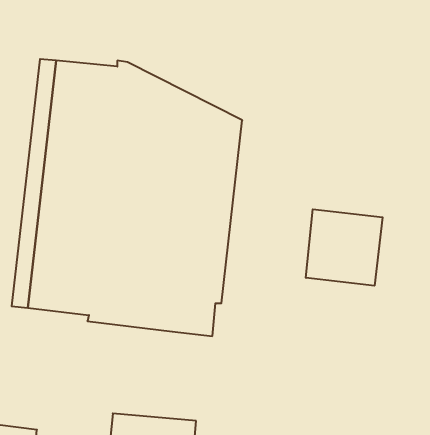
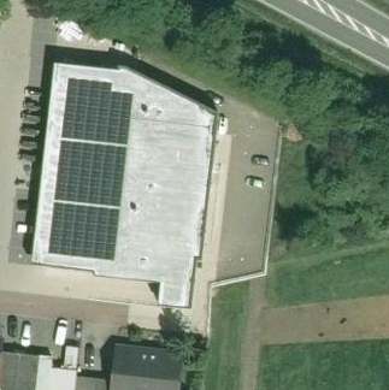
building: [306,209,383,286] -> none
building: none -> [157,280,193,306]

